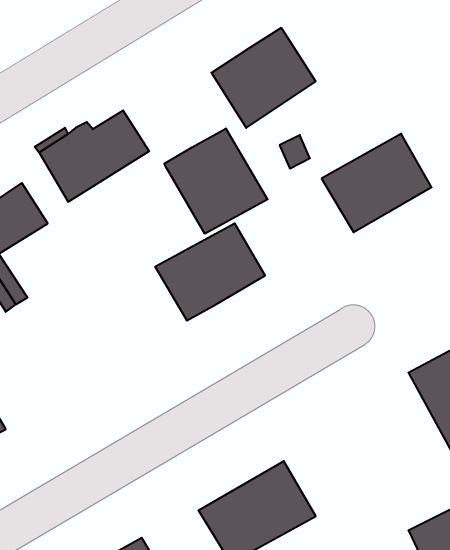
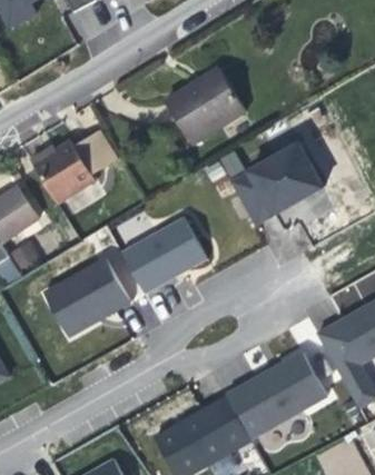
building: [164,128,268,234] -> none
building: none -> [43,257,129,335]
building: none -> [230,350,324,434]

